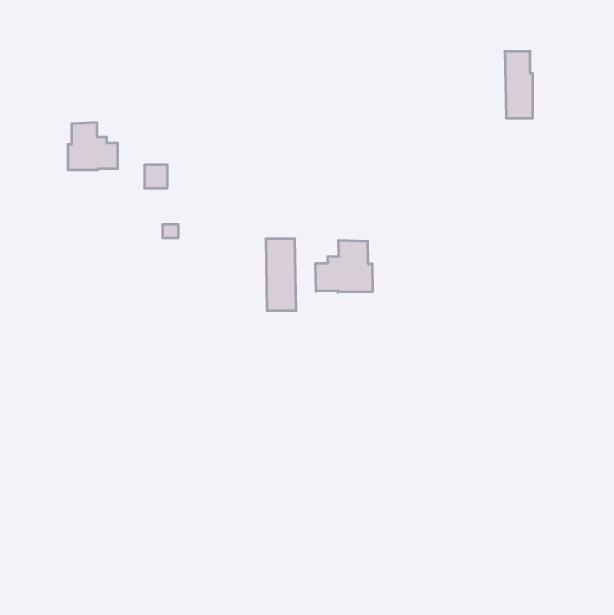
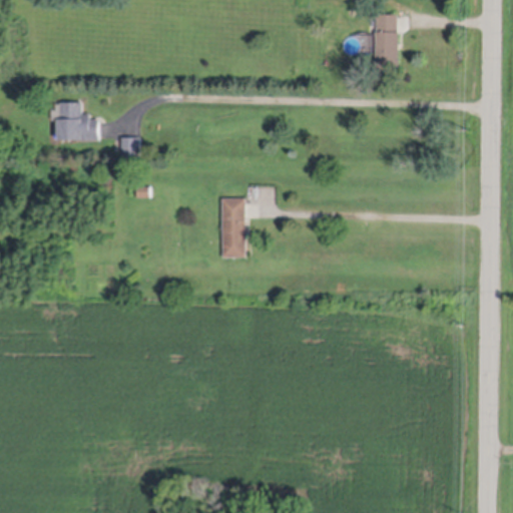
building: [505,51,533,118] -> [374,13,397,68]
building: [316,240,372,292] -> none

